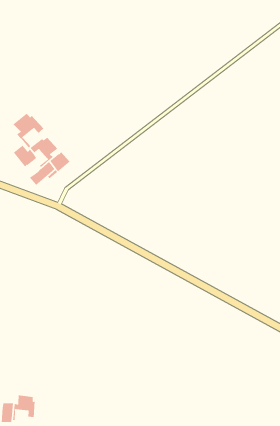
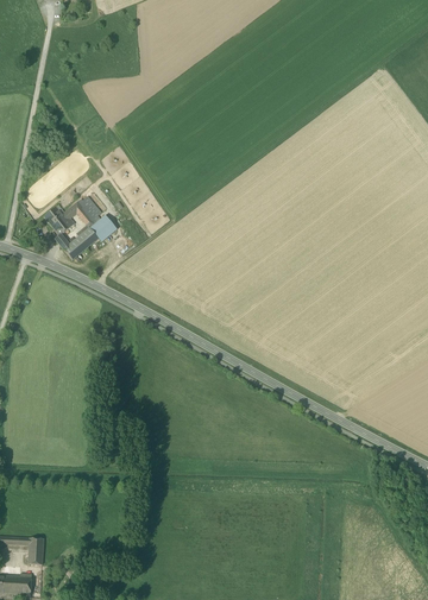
building: [12,113,44,149] -> none
building: [12,394,35,421] -> none

